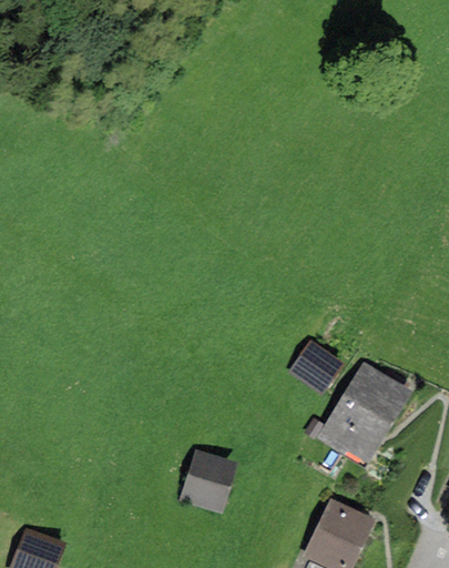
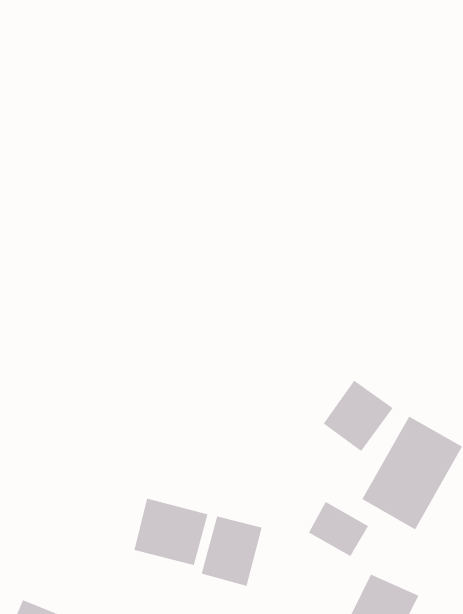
building: none -> [134,498,208,566]
building: none -> [308,501,369,557]

